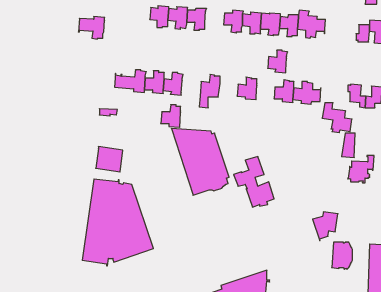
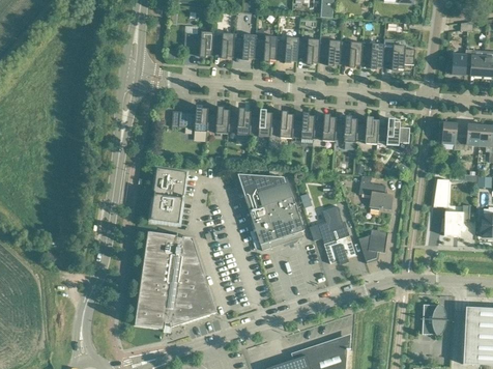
building: none -> [276,36,298,61]
building: [78,17,105,39] -> [183,30,213,56]
building: [268,50,288,73] -> [335,116,357,142]
building: none -> [291,113,315,139]
building: [322,103,352,133] -> [358,175,393,209]
building: [161,105,181,127] -> [249,110,271,136]
building: none -> [153,167,186,198]
building: [313,212,338,241] -> [358,229,387,262]

